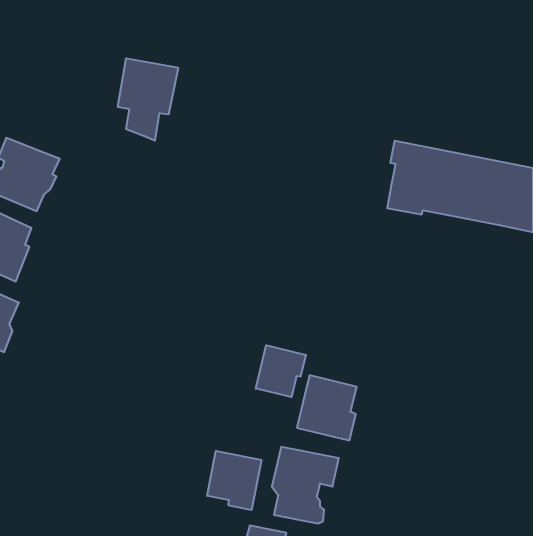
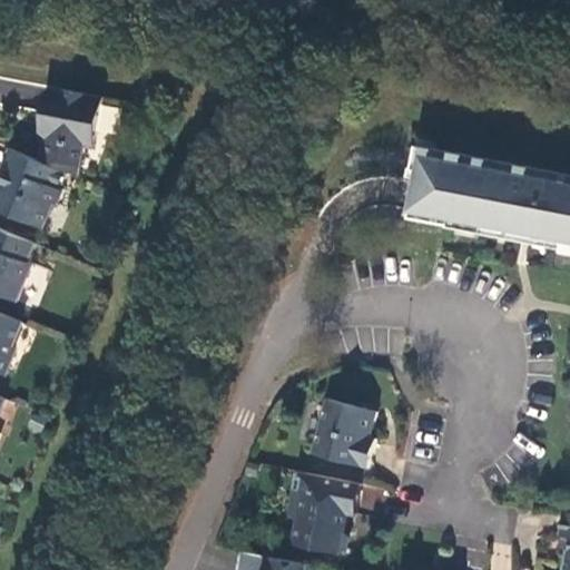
building: [118,58,178,140] -> [35,87,99,174]
building: [256,345,306,397] -> none
building: [207,451,261,510] -> none

